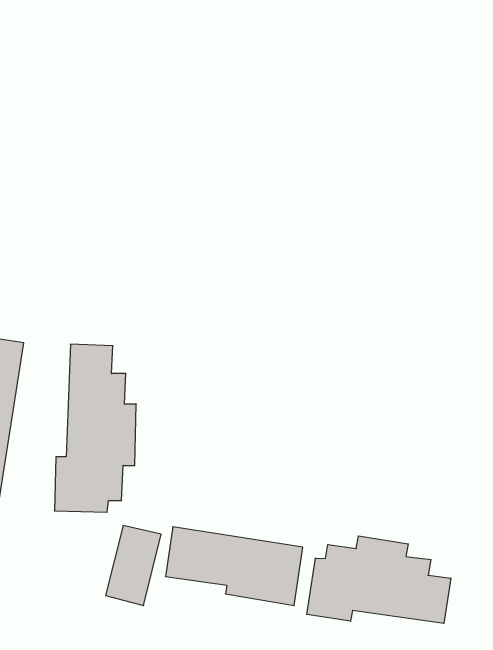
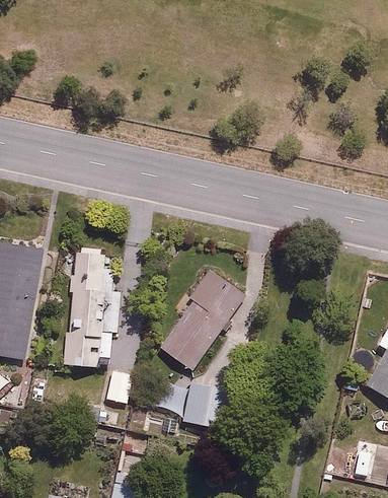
building: none -> [153,271,248,373]
building: [307,536,451,623] -> none

